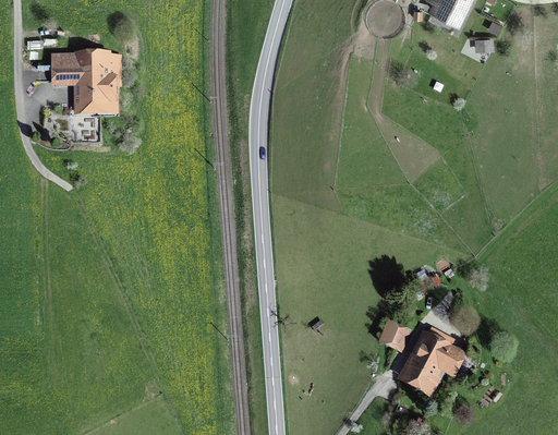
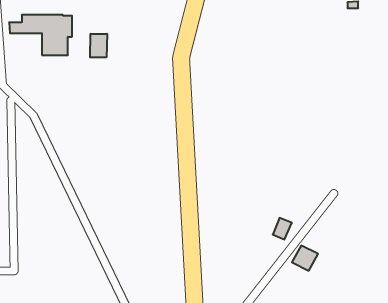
building: none -> [90,34,107,57]
building: [415,330,462,376] -> none

